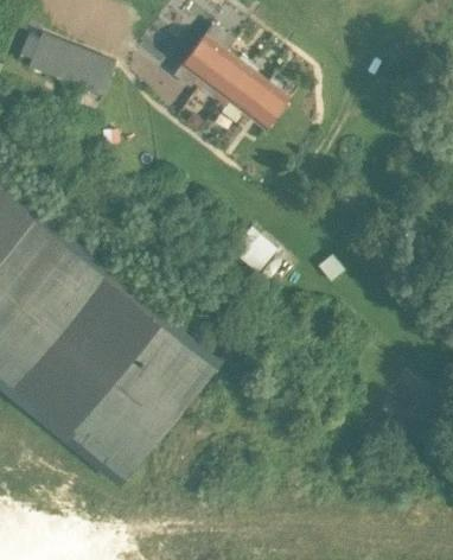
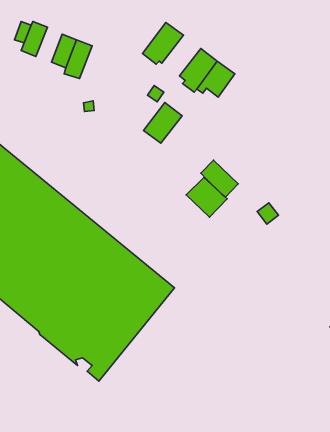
building: [45,40,77,83] -> none
building: [199,50,247,100] -> [144,102,182,143]
building: none -> [201,160,238,197]

